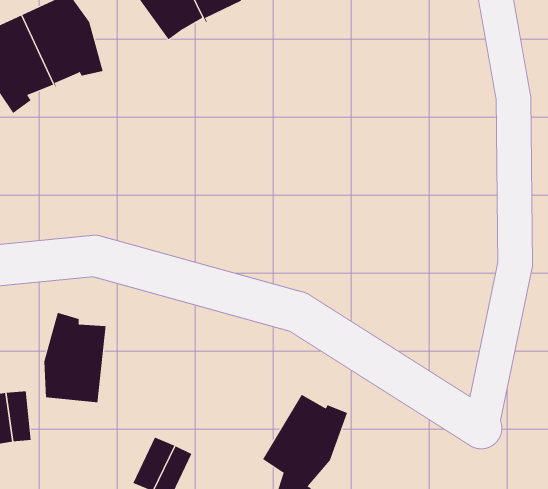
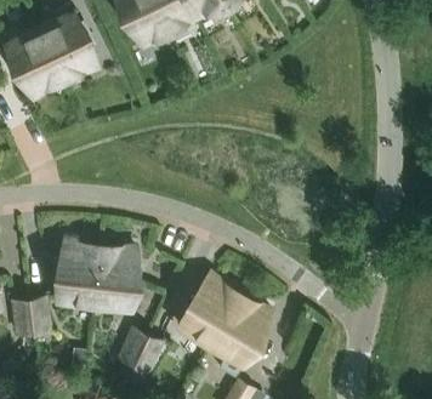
building: none -> [95,247,138,309]
building: none -> [178,275,240,344]

